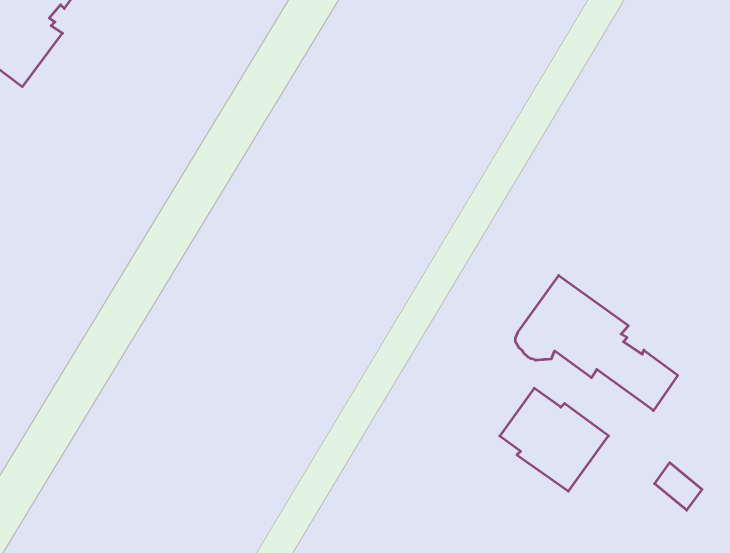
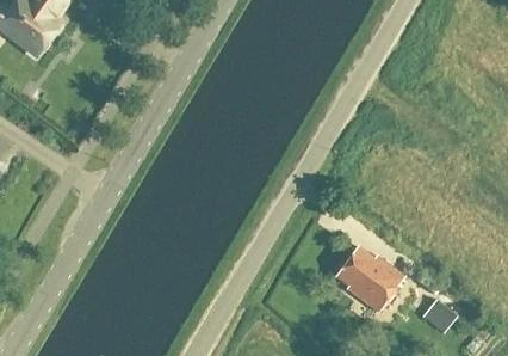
building: [515,275,678,411] -> none

